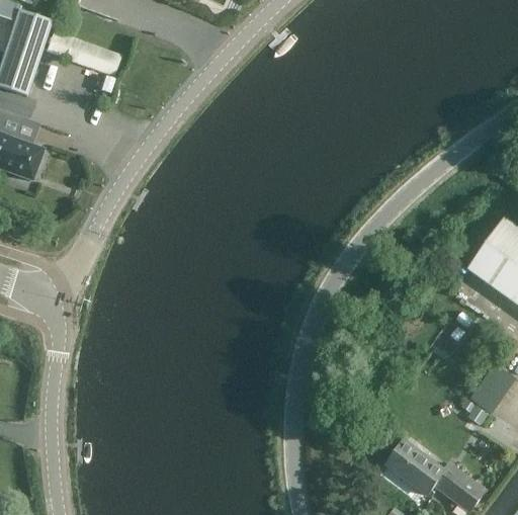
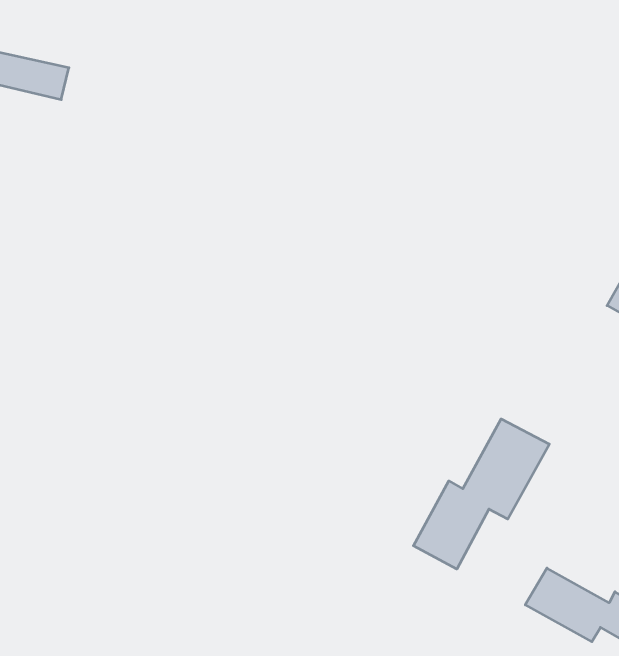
building: none -> [413,419,549,569]

